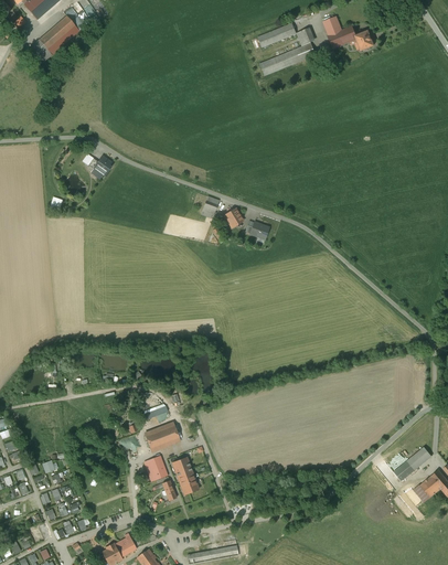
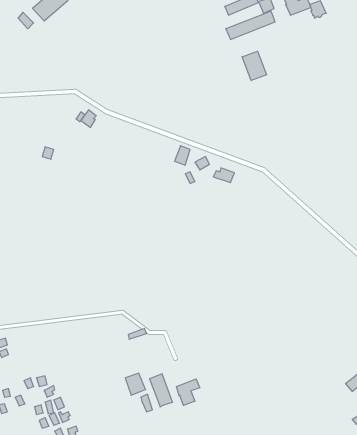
building: none -> [242,51,266,81]
building: [145,422,181,452] -> none
building: none -> [176,379,200,405]

